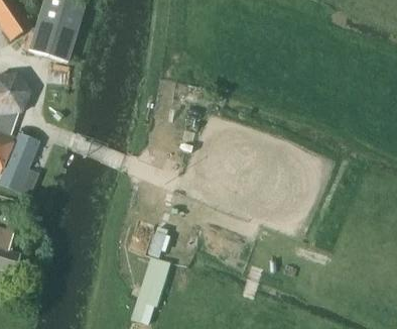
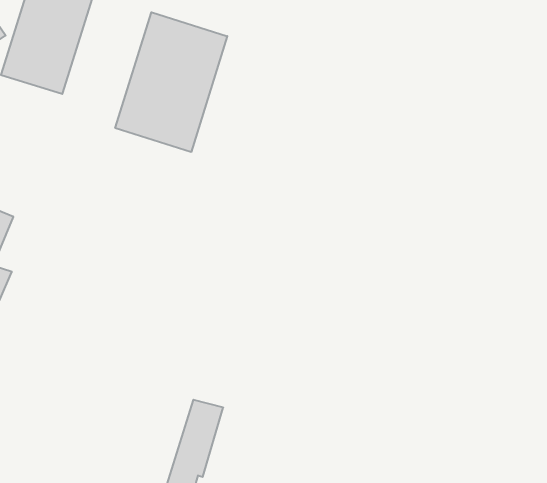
building: none -> [115,12,227,152]

